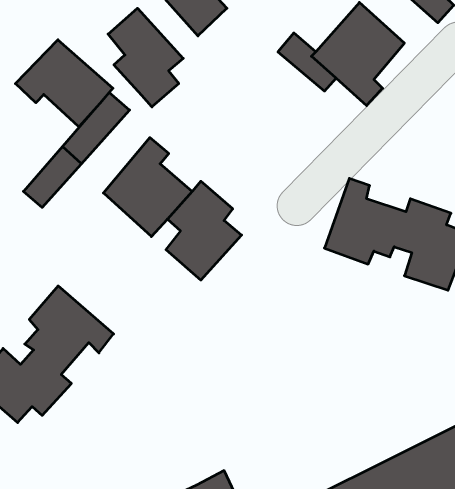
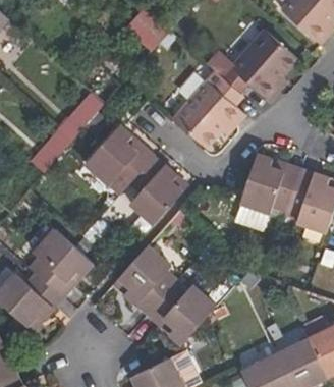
building: [108,8,183,107] -> none
building: [15,40,113,127] -> none
building: none -> [173,80,245,147]
building: none -> [119,245,216,344]

